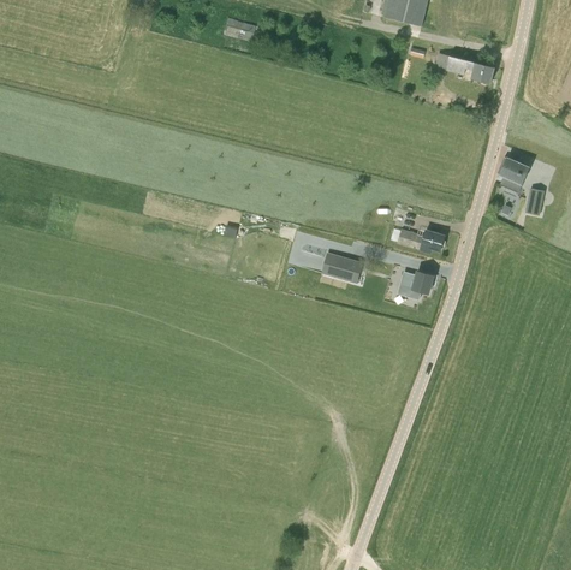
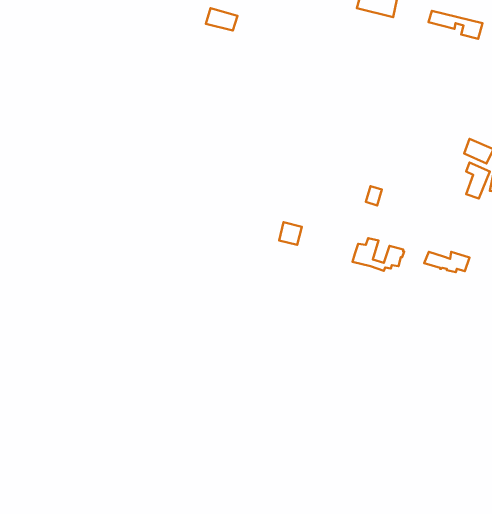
building: [438,53,495,83] -> [428,11,483,39]
building: [397,230,445,251] -> [424,252,469,272]
building: [322,253,363,281] -> none

